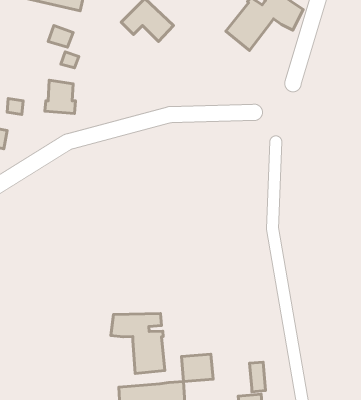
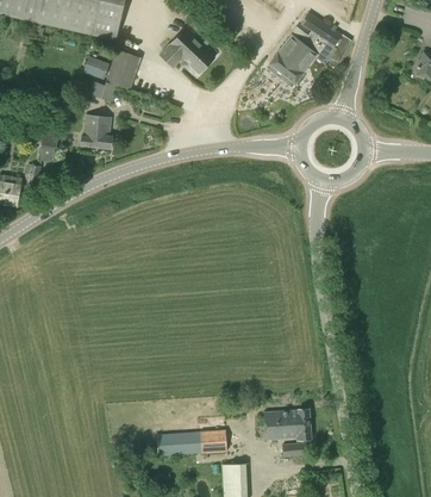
building: none -> [105,48,140,88]
building: [111,313,165,373] -> none
building: [181,354,213,381] -> [263,409,296,437]

